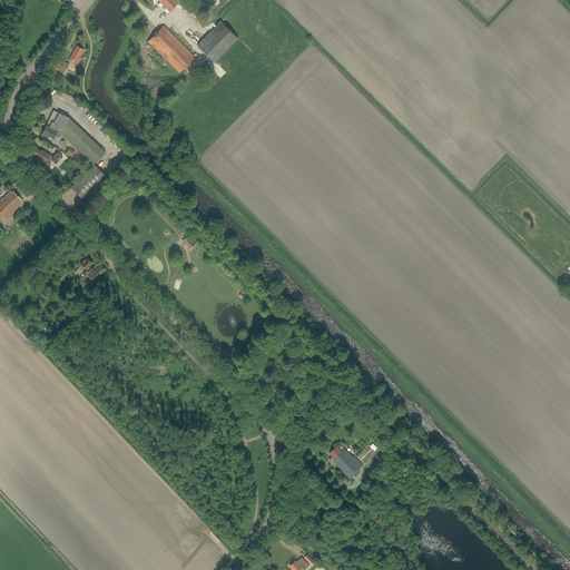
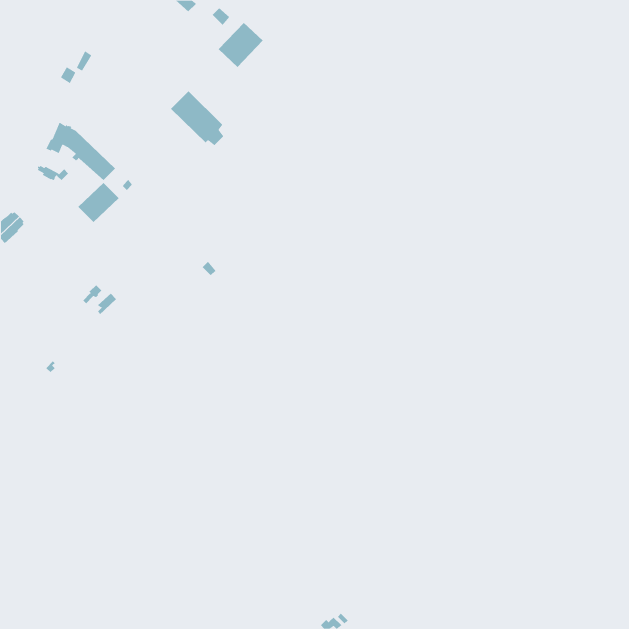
building: [147,26,196,76] -> [170,91,224,146]
building: [330,445,363,479] -> none

